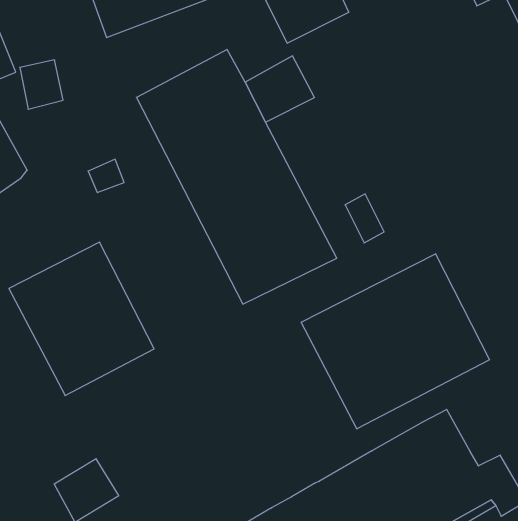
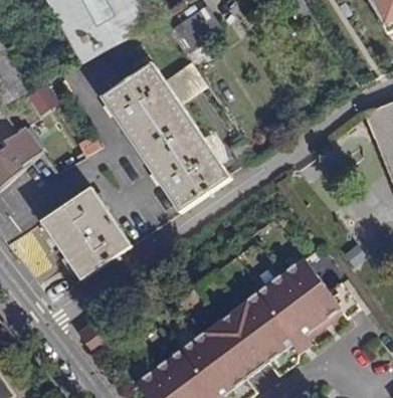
building: [301,254,489,429] -> none

